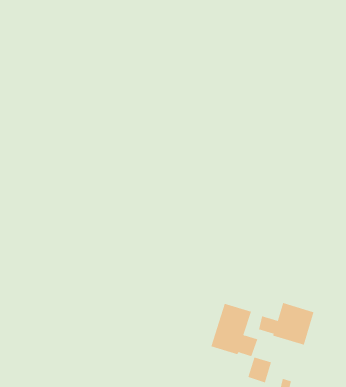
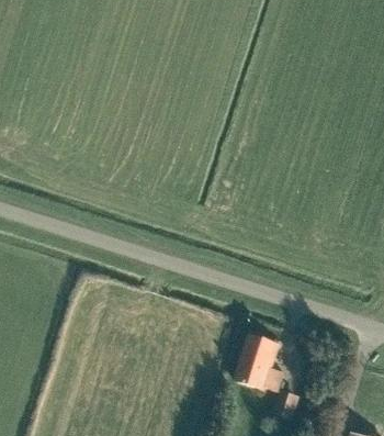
building: [258,302,314,346] -> none

